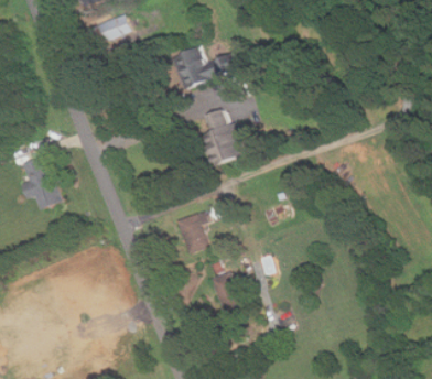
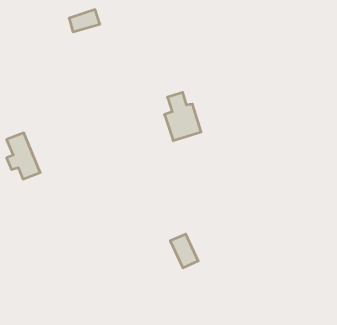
building: [172,46,237,87] -> none
building: [175,212,210,253] -> none

